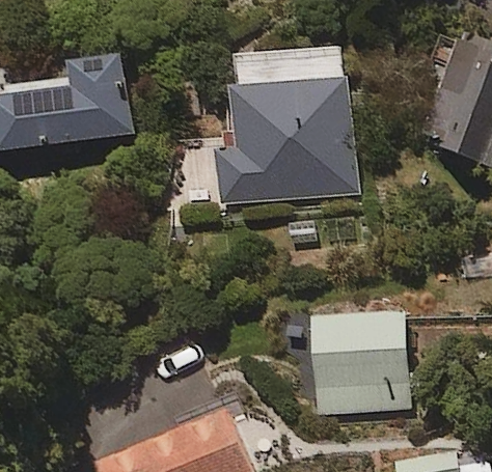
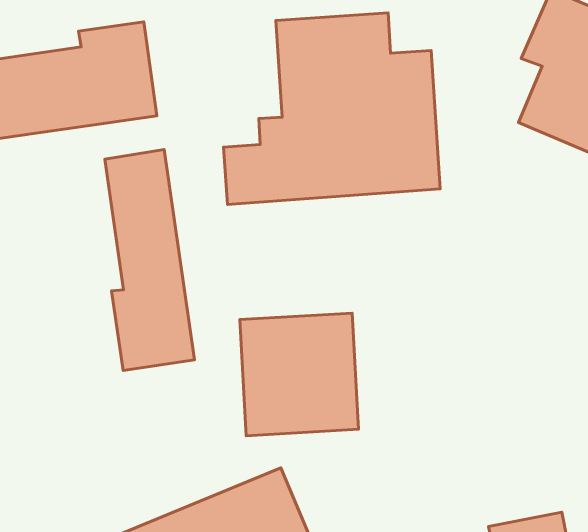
building: none -> [105,149,194,371]
building: [313,312,408,410] -> [240,313,359,436]

